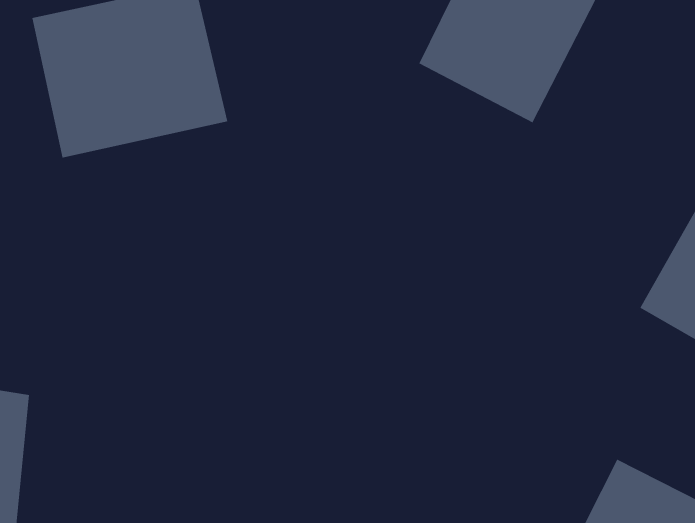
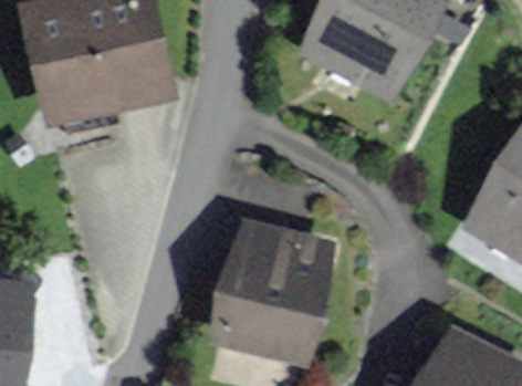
building: none -> [213,225,327,361]

